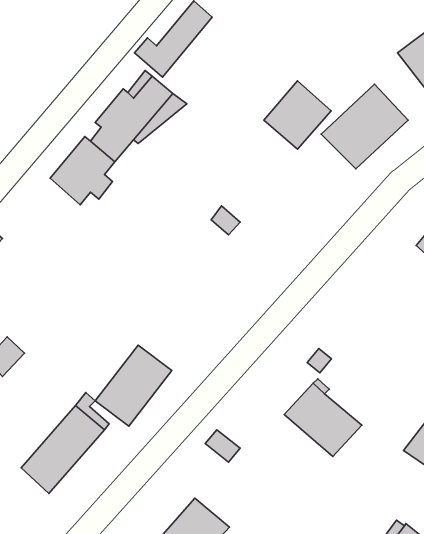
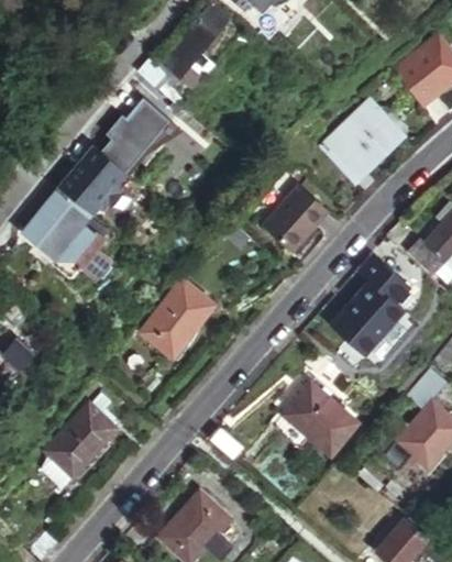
building: [264,81,331,149] -> [261,186,324,251]
building: none -> [27,189,111,266]
building: none -> [331,252,409,353]
building: [95,345,172,426] -> [142,279,214,356]

